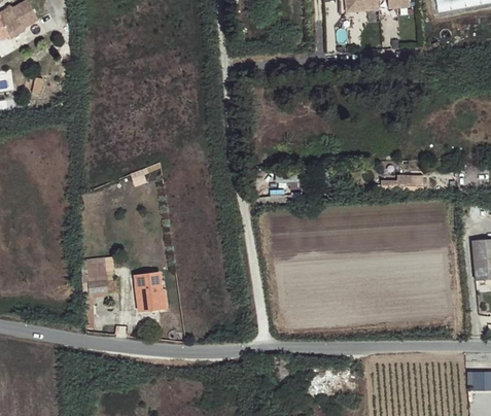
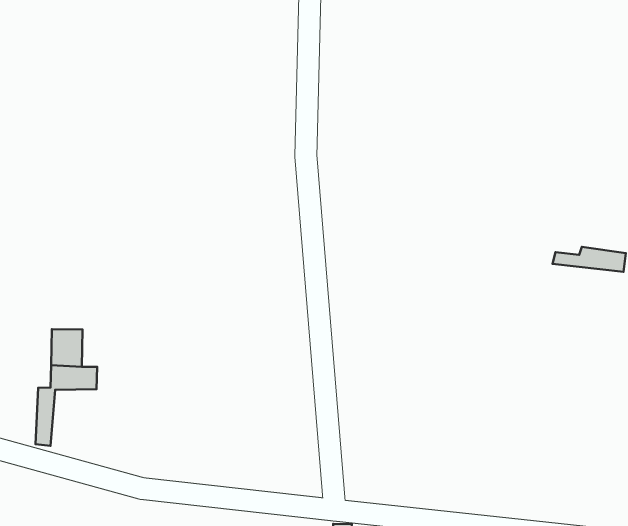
building: [135,274,165,311] -> none

